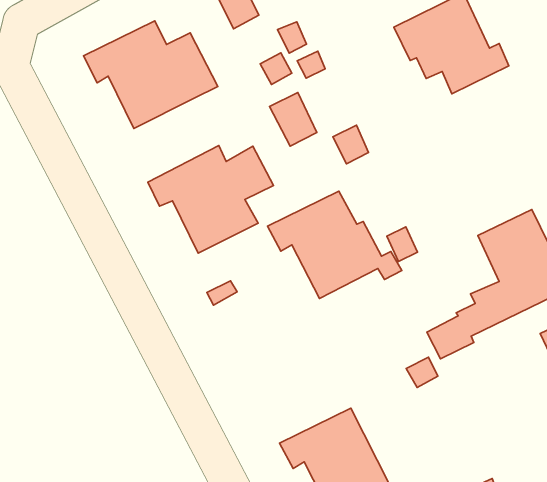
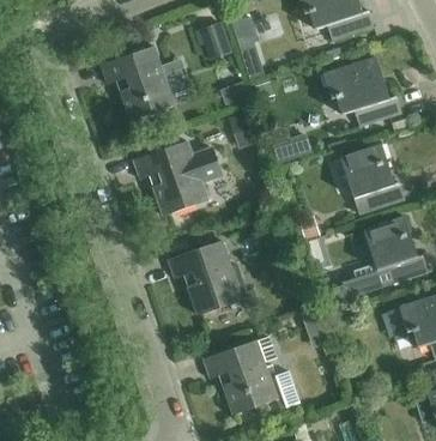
building: none -> [340,145,405,215]
building: [267,191,402,298] -> [168,241,259,315]

